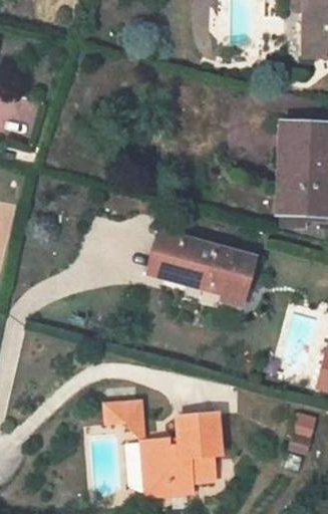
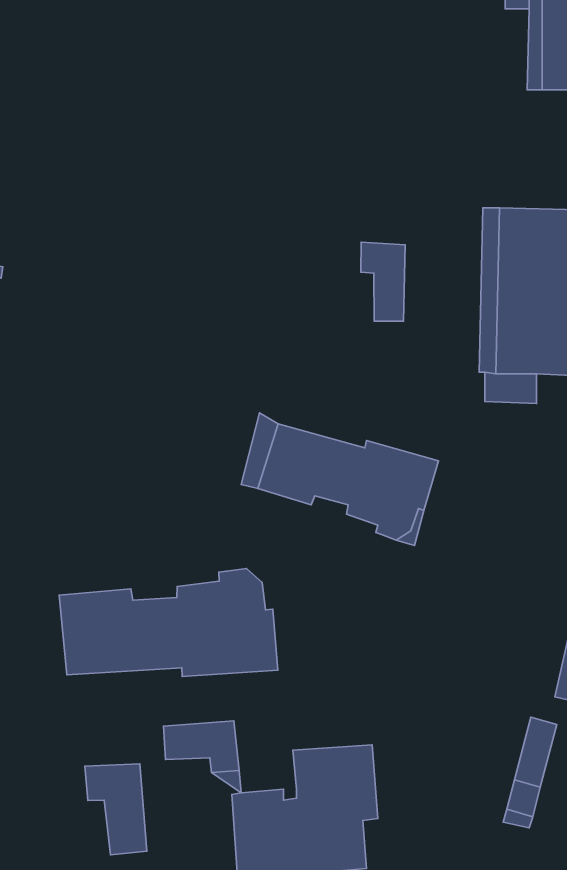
building: none -> [361,242,405,321]
building: none -> [59,568,278,677]
building: none -> [85,764,147,855]

